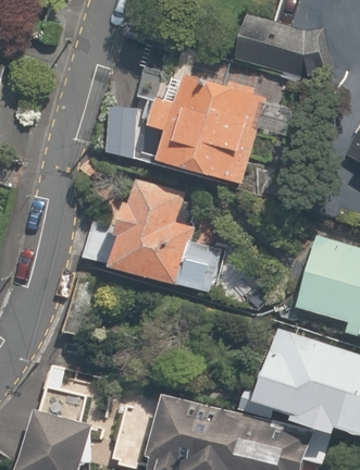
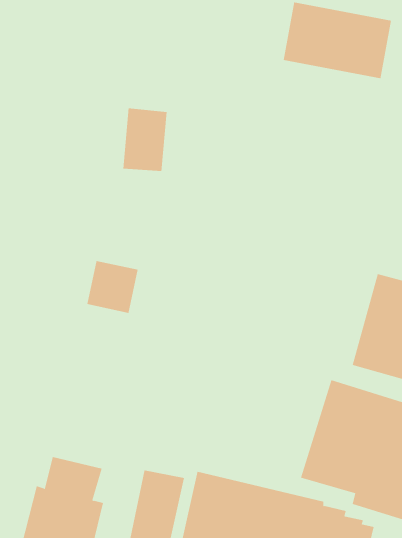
building: [156,73,261,181] -> none
building: [113,180,216,289] -> none

